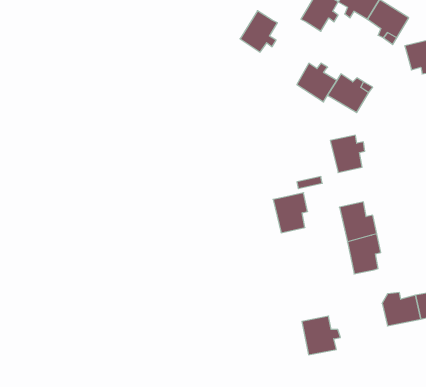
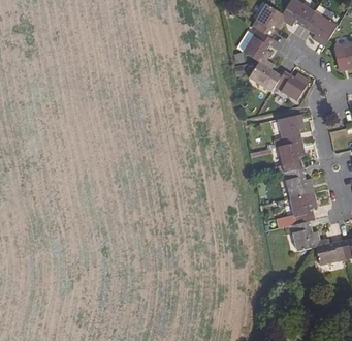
building: [240,11,277,52] -> [244,29,273,61]
building: [273,193,308,233] -> [277,142,303,173]
building: [302,316,340,355] -> [289,221,319,251]

